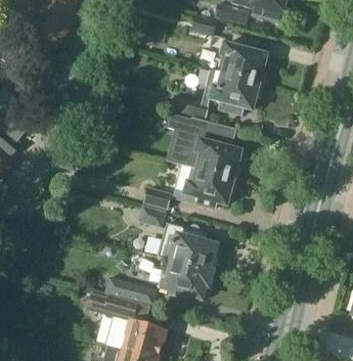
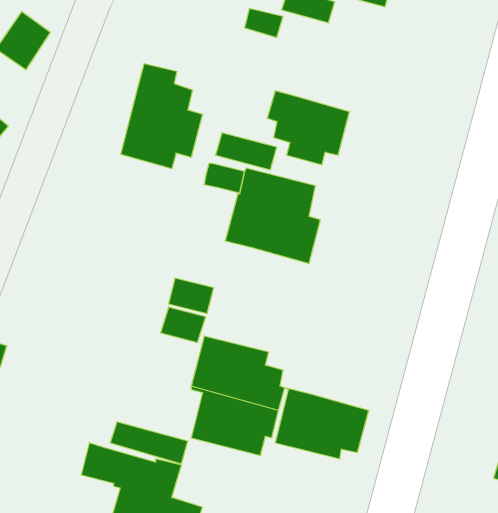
building: [221,43,266,81] -> none
building: none -> [121,63,203,169]
building: [173,163,232,208] -> [275,388,369,459]

